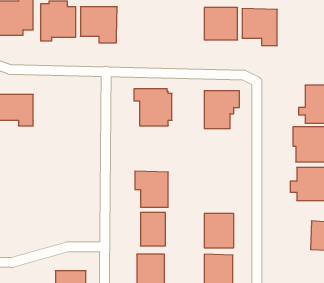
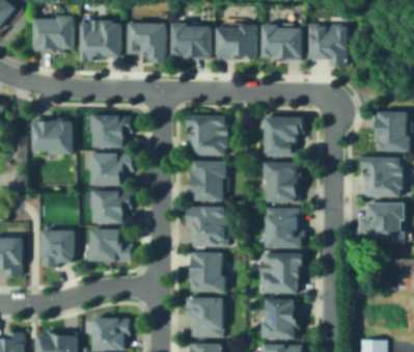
building: none -> [170,21,211,61]
building: none -> [217,21,255,60]
building: none -> [89,115,131,146]
building: none -> [85,153,134,185]
building: none -> [189,162,224,200]
building: none -> [266,163,296,199]
building: none -> [93,192,133,220]
building: none -> [265,210,299,248]
building: none -> [94,228,131,262]
building: none -> [46,231,74,269]

